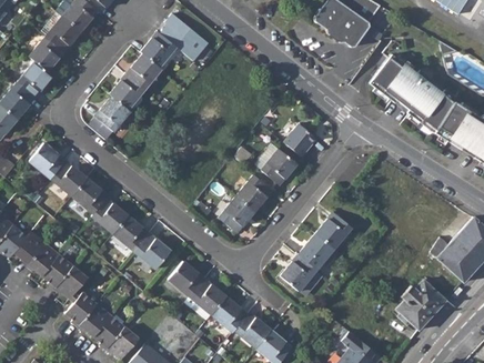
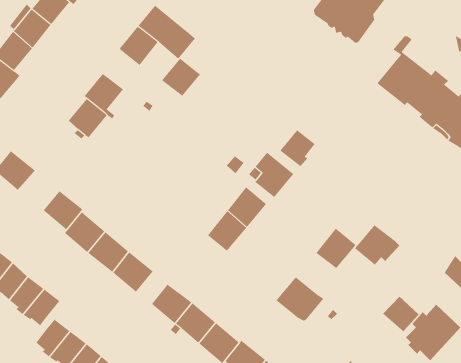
building: [125,54,161,89] -> [161,58,201,97]
building: [50,161,87,196] -> none
building: [298,234,339,271] -> [354,224,400,266]
building: none -> [382,296,420,333]

